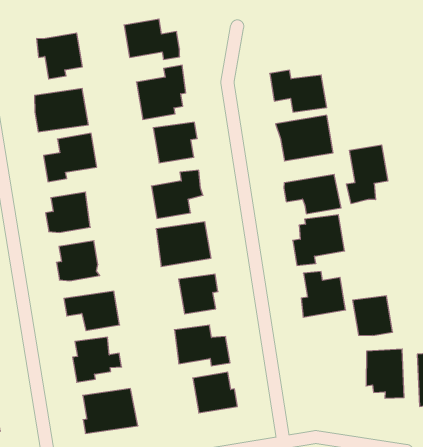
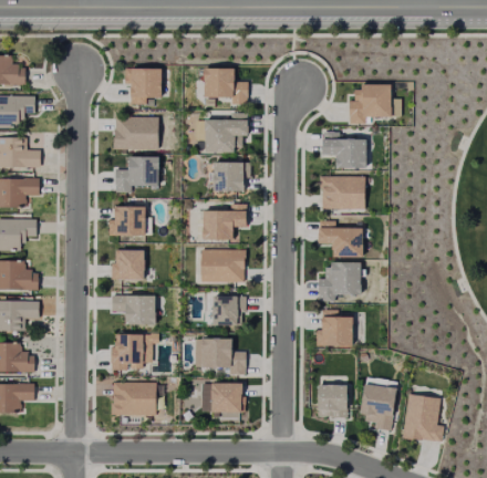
building: none -> [348,85,391,123]
building: [346,145,388,204] -> none
building: [353,296,393,335] -> [317,385,346,418]

